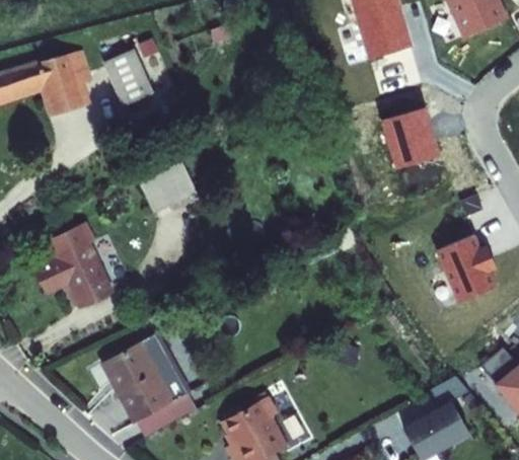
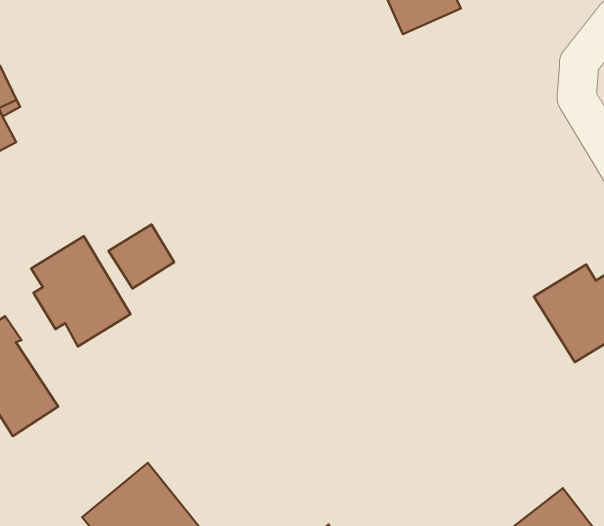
building: [108,43,158,99] -> none
building: [383,112,442,171] -> none
building: none -> [31,236,131,347]

